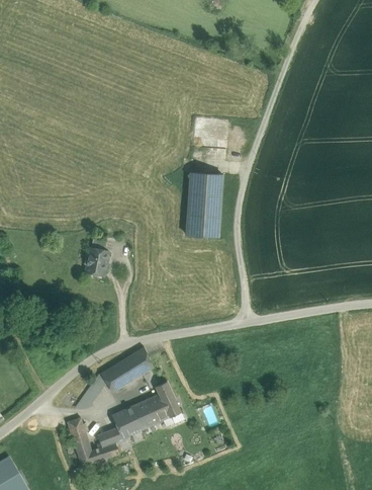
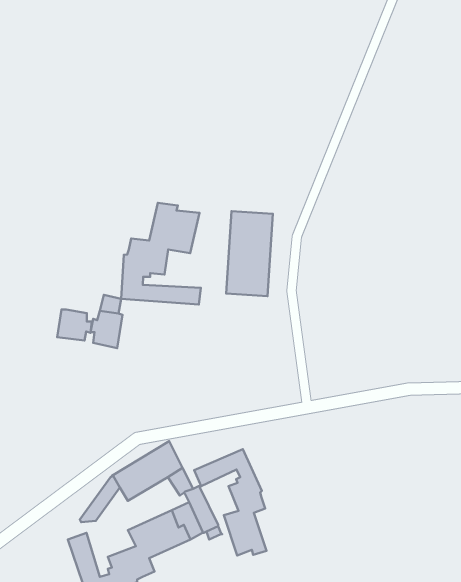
building: none -> [121,203,201,305]
building: none -> [57,309,92,340]
building: none -> [194,449,266,556]

